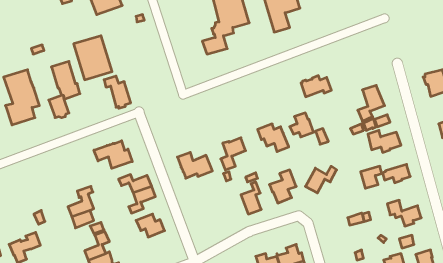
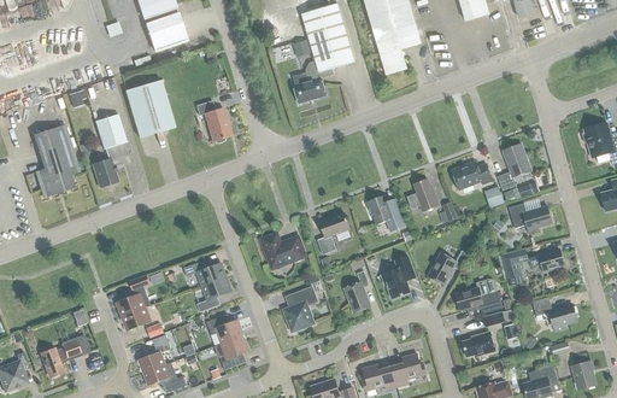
building: [301,76,331,97] -> [452,159,492,187]
building: [104,76,131,108] -> [195,99,230,141]
building: [94,141,132,168] -> none
building: none -> [282,286,317,332]
building: none -> [453,287,500,314]
building: none -> [460,330,494,356]
building: none -> [215,334,248,369]

